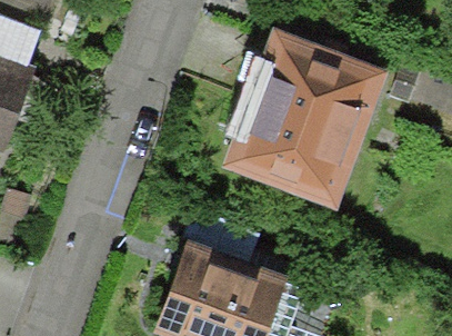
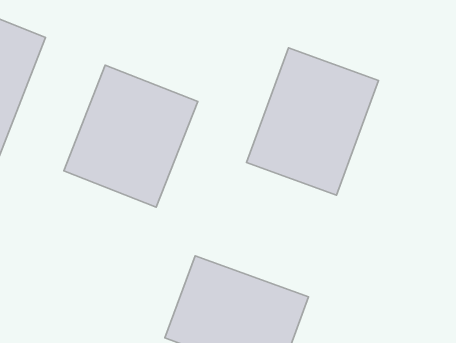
building: none -> [64,65,198,207]

